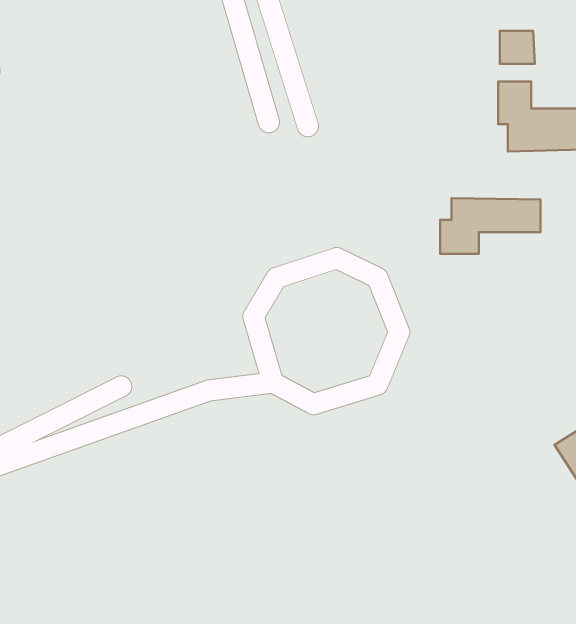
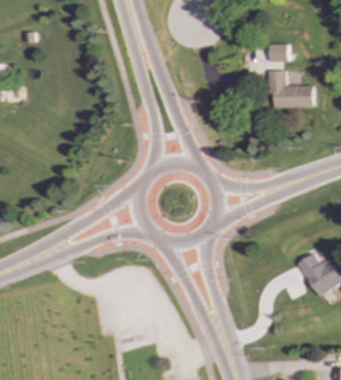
building: [440,198,541,254] -> none

